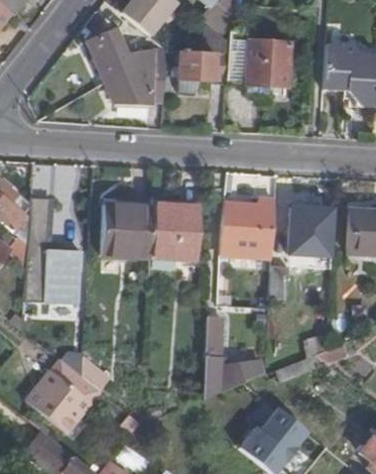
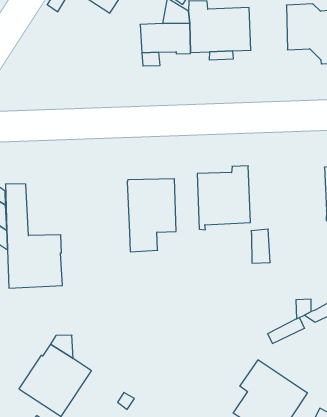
building: [88,28,166,102] -> none
building: [101,203,152,255] -> none
building: [288,206,335,246] -> none
building: [203,315,265,398] -> none

